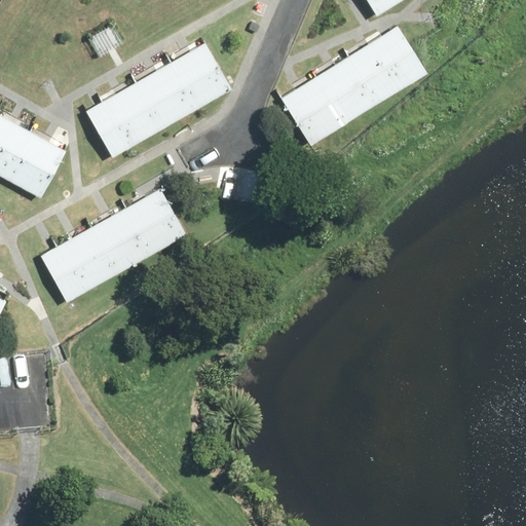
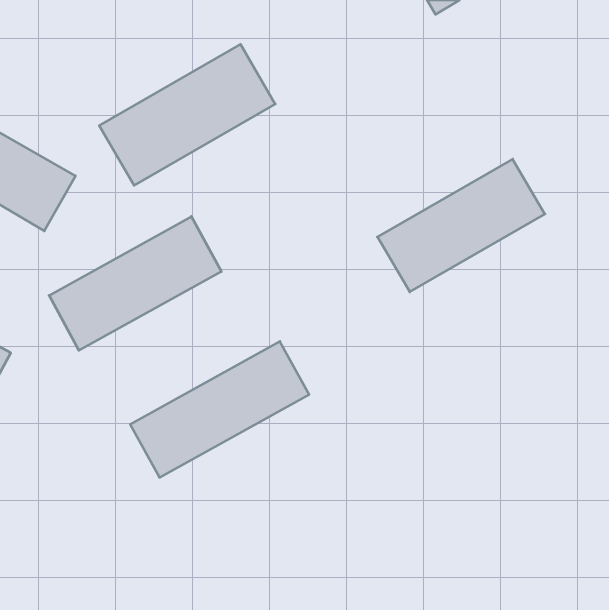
building: [277,29,421,143] -> [377,159,545,292]
building: none -> [130,341,309,477]

